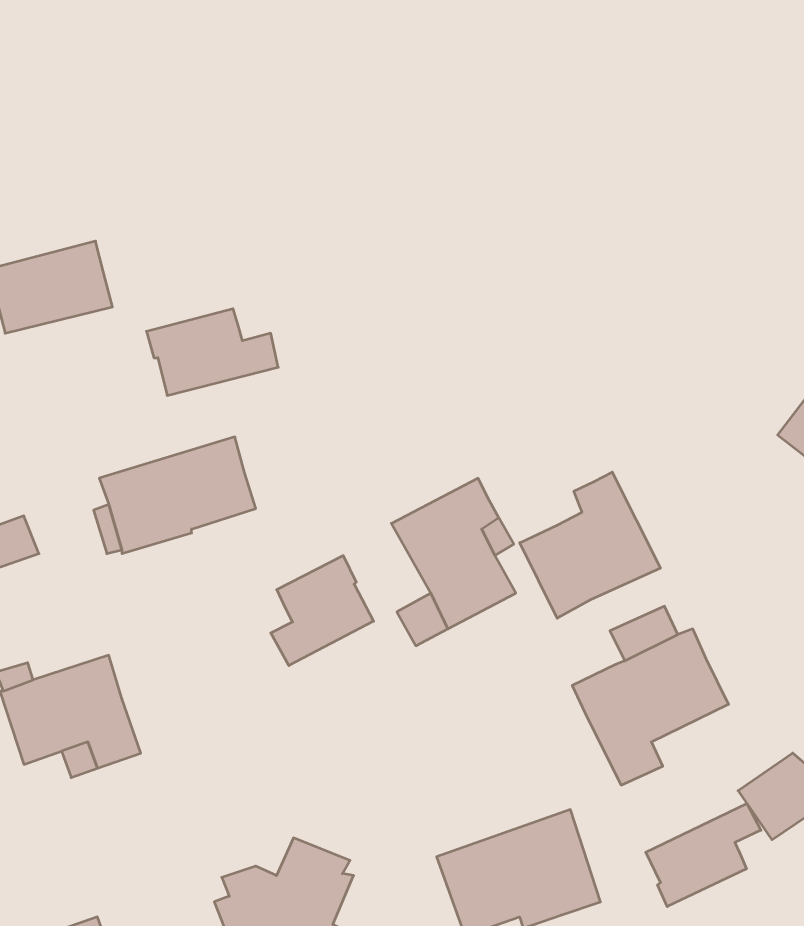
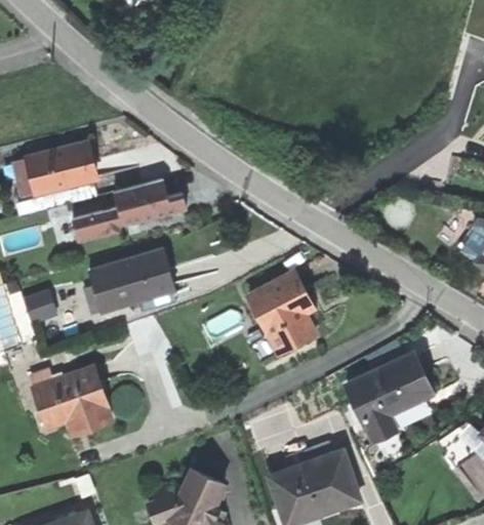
building: none -> [72,206,126,243]
building: [520,472,660,618] -> none
building: [271,556,374,666] -> none
building: [646,803,761,907] -> none

